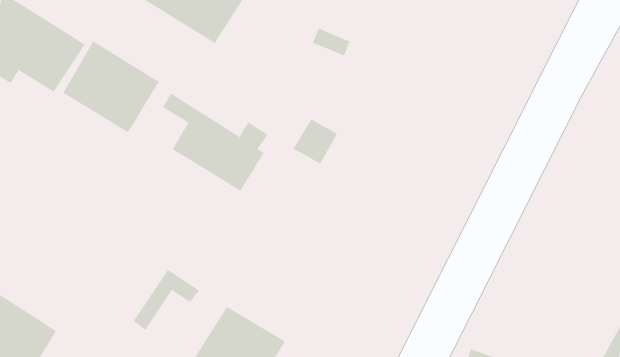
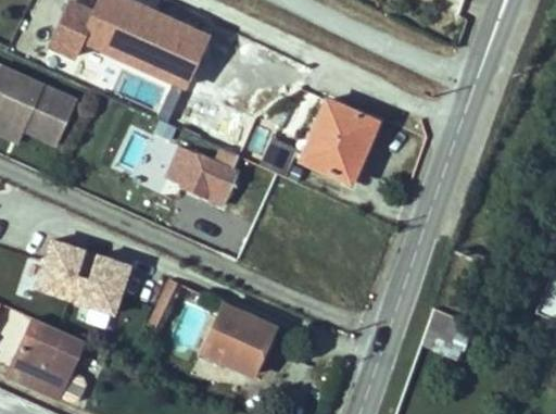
building: [63,41,160,133] -> none
building: none -> [300,100,376,181]
building: none -> [37,238,132,328]

